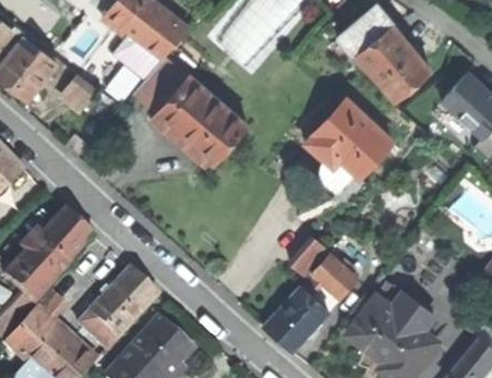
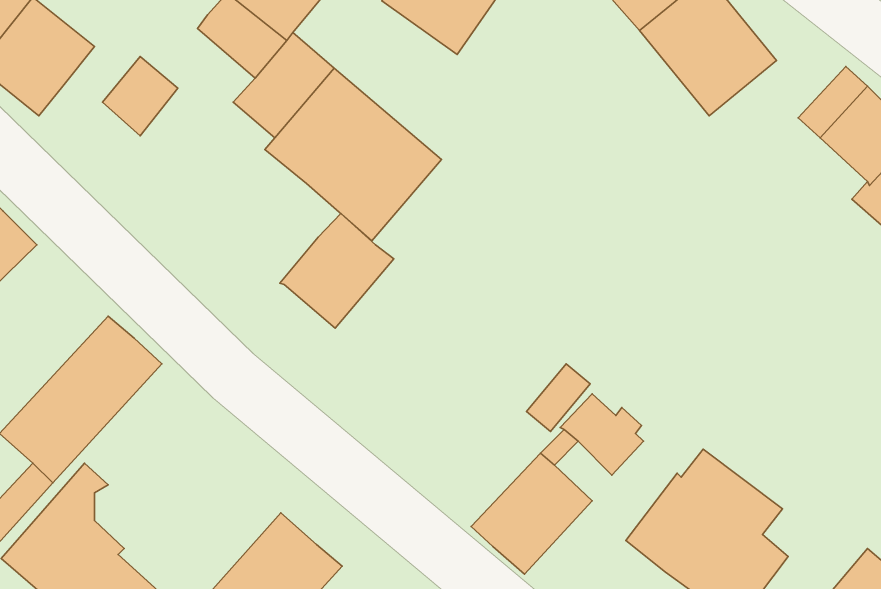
building: [310,99,393,174] -> none
building: none -> [280,214,394,328]
building: [77,267,157,349] -> none

